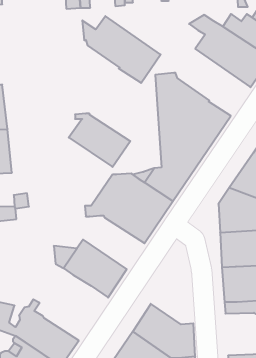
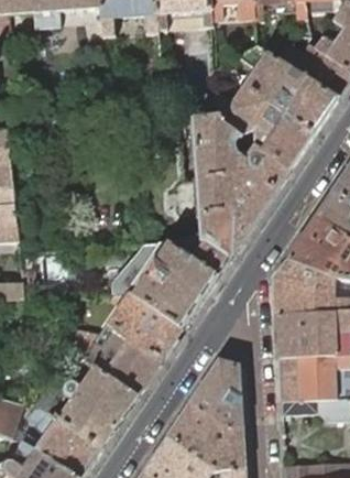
building: [82,16,161,83] -> [216,86,313,169]
building: [69,114,130,167] -> [106,292,182,358]
building: none -> [189,358,242,426]
building: none -> [57,366,136,446]

